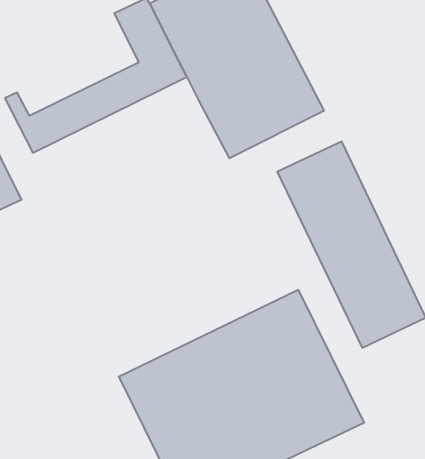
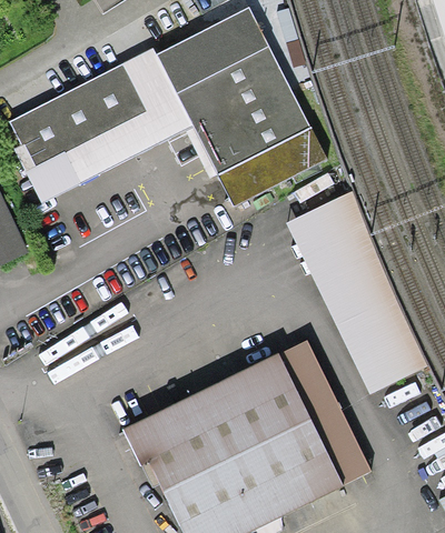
building: none -> [9,66,142,168]

